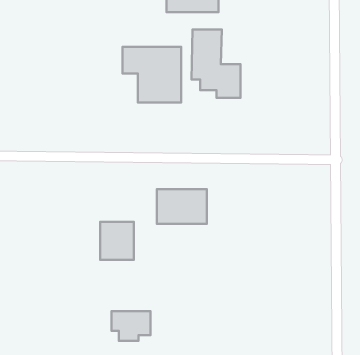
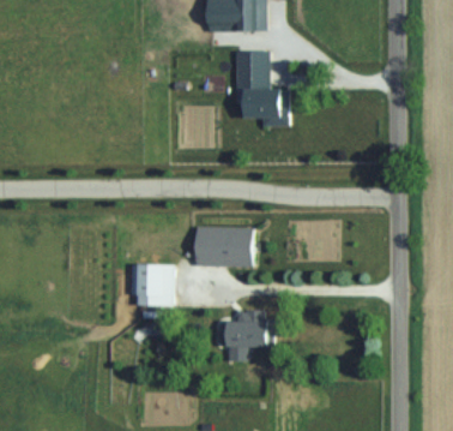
building: [123,47,181,103] -> none
building: [111,311,150,341] -> [219,322,262,354]

